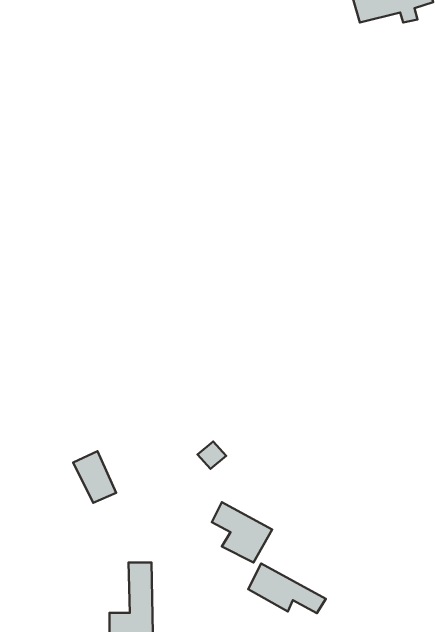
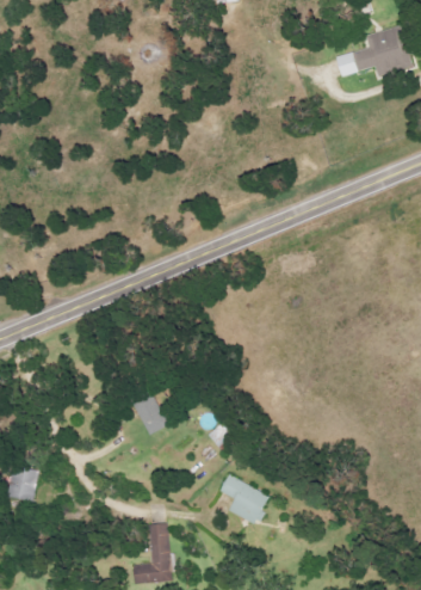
building: [73,451,116,503] -> [132,392,168,435]
building: [248,564,326,613] -> none

